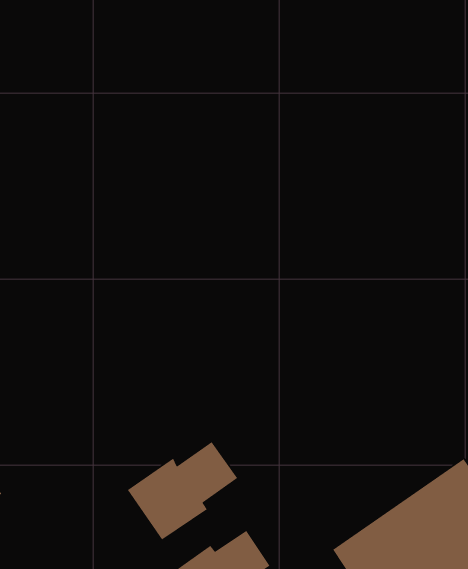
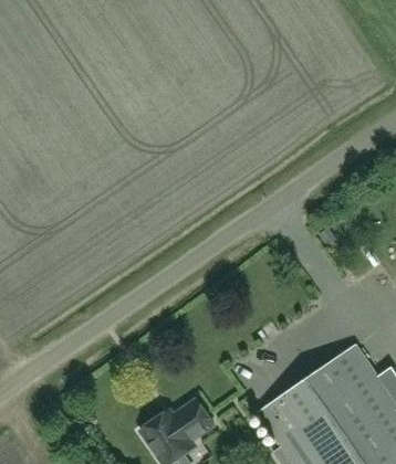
building: [127,441,238,540] -> none

